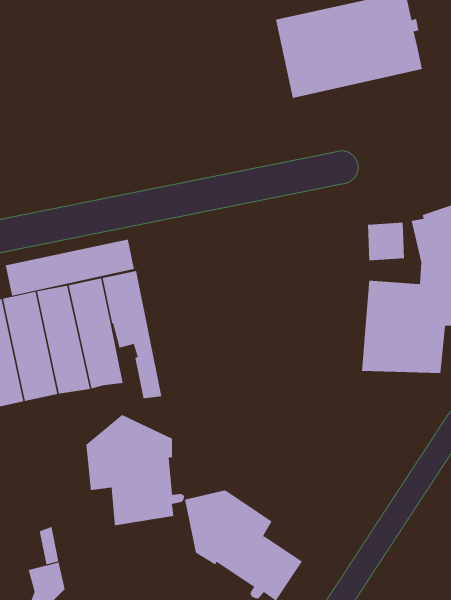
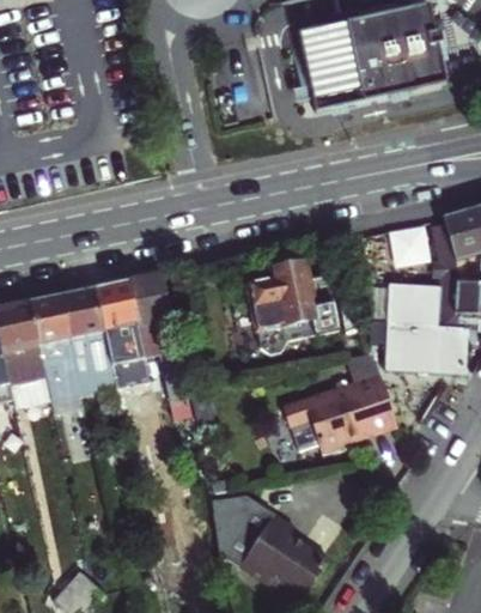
building: [5,239,135,296] -> none
building: none -> [250,260,341,364]
building: none -> [281,352,396,450]
building: [86,414,185,526] -> none

